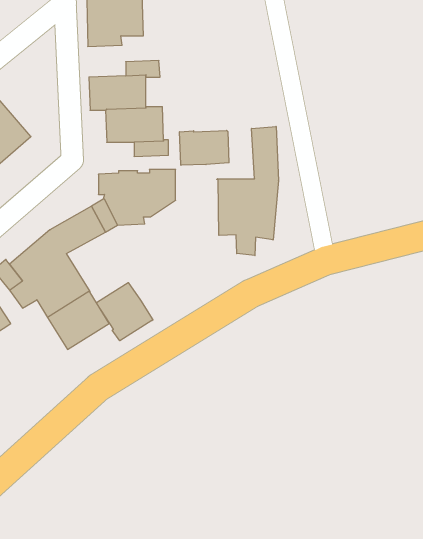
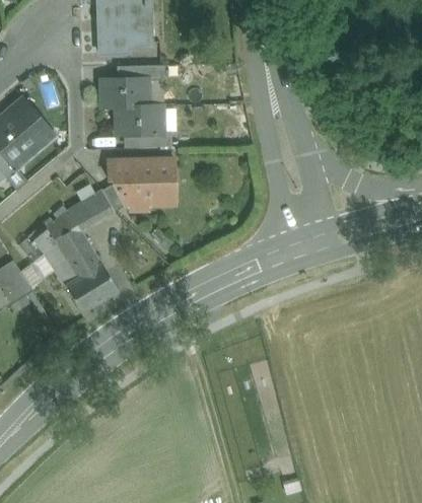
building: [217,126,278,256] -> none
building: [180,130,229,165] -> none
building: [97,283,153,341] -> none

